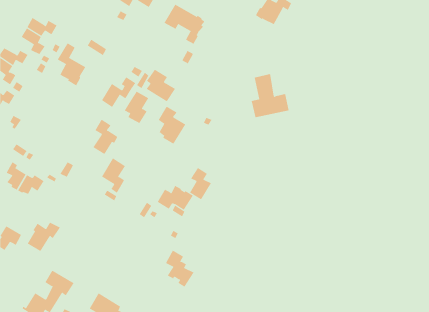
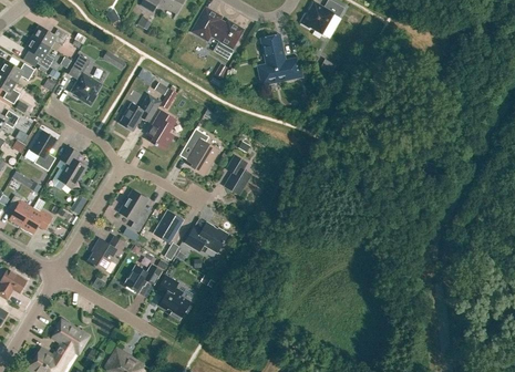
building: [146,69,176,102] -> none
building: [251,74,290,118] -> [257,33,302,85]
building: none -> [31,131,58,170]
building: [93,119,118,155] -> [58,145,87,187]
building: [189,167,212,200] -> [225,155,251,194]
building: none -> [154,210,183,242]
building: none -> [124,264,162,292]
building: [27,222,61,252] -> [87,236,127,271]
building: [165,250,194,288] -> [156,275,190,319]

